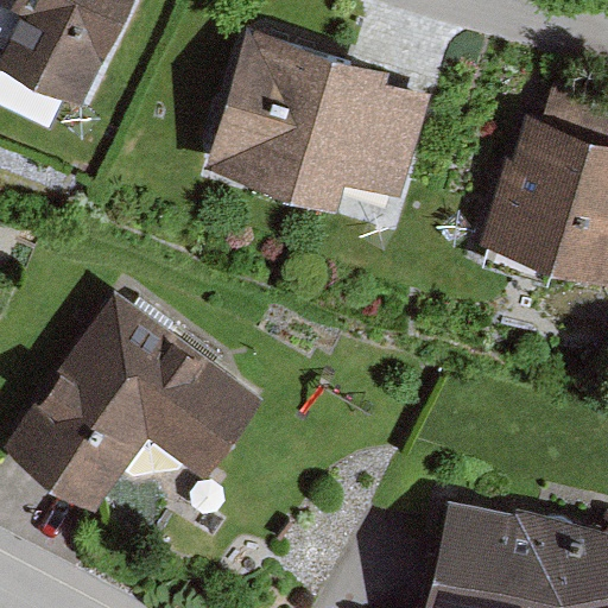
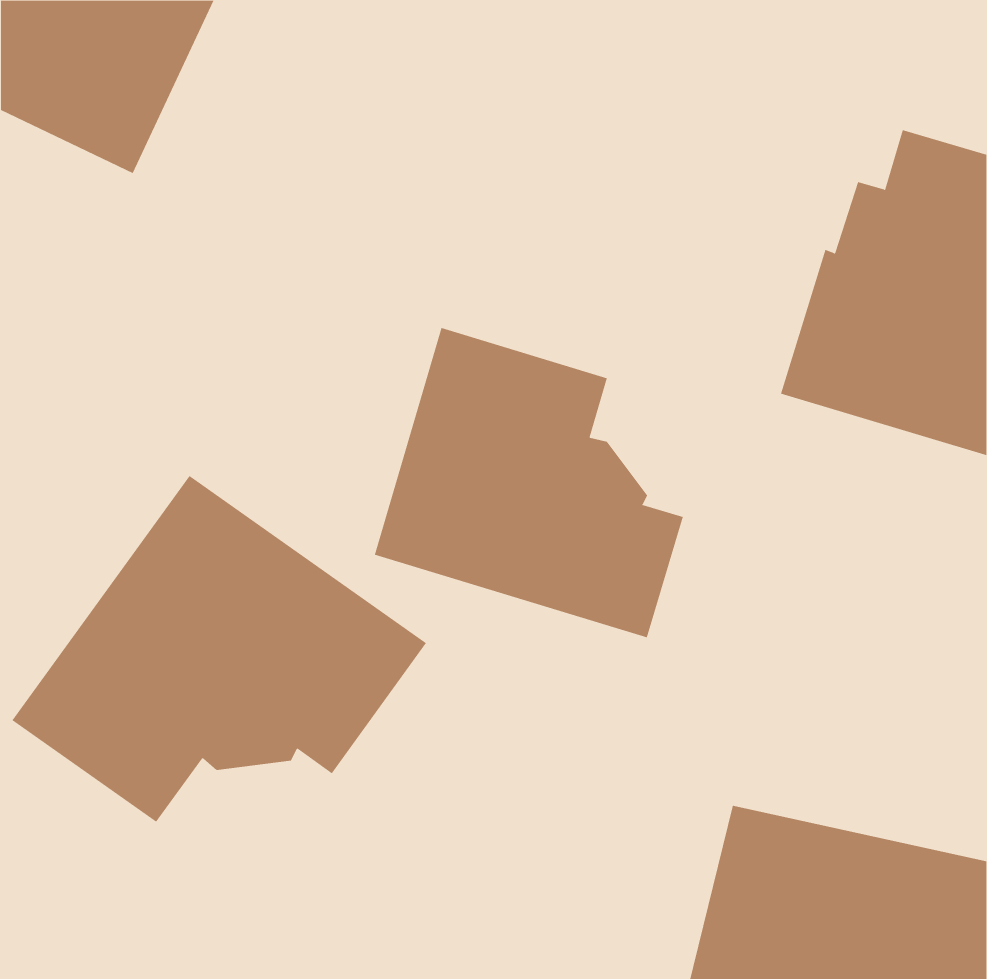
building: [205,30,435,209] -> none
building: none -> [374,327,683,638]

